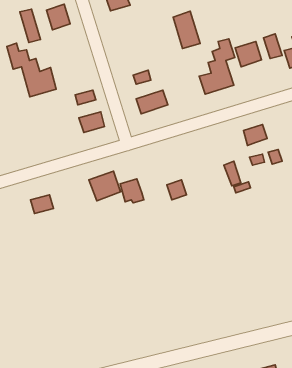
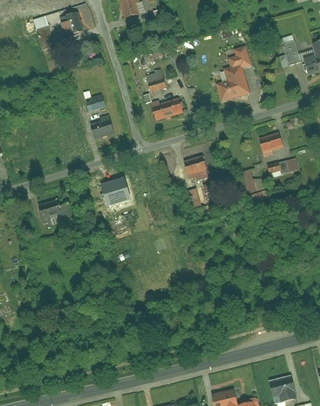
building: [173,11,200,48] -> none
building: [235,42,261,67] -> none
building: [7,43,56,97] -> none
building: [120,179,144,203] -> [185,156,209,180]

